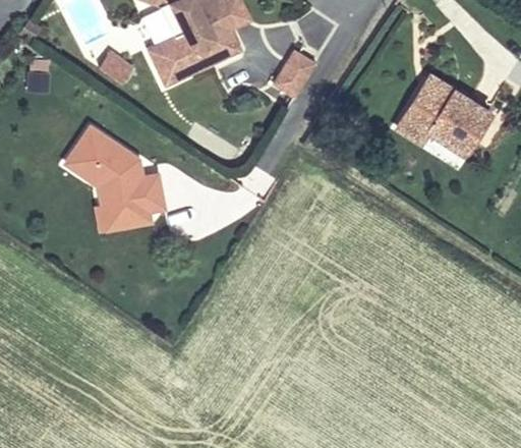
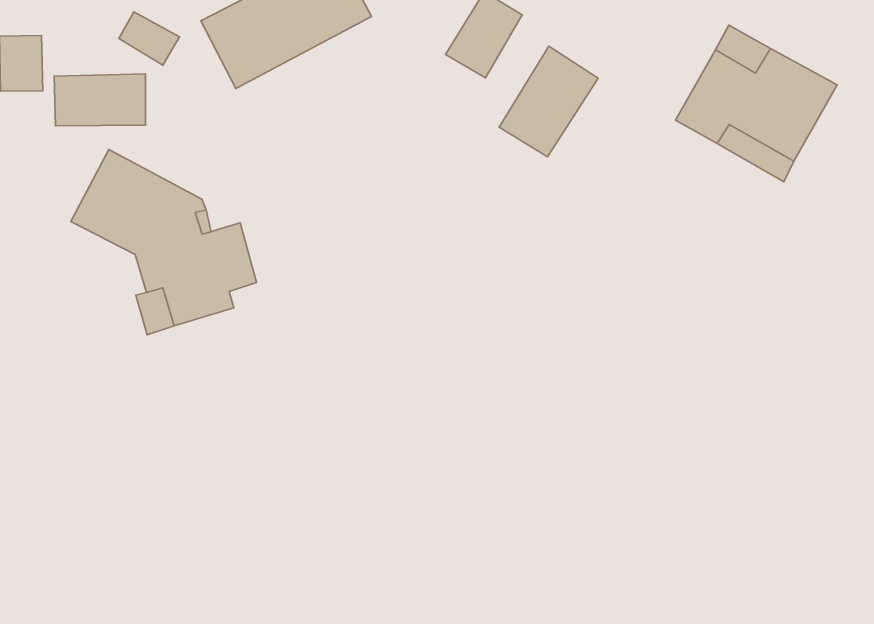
building: none -> [499,46,598,157]
building: none -> [54,74,146,126]

